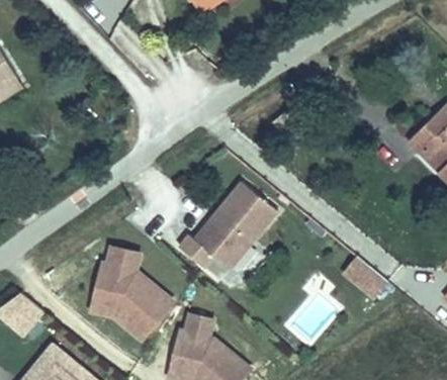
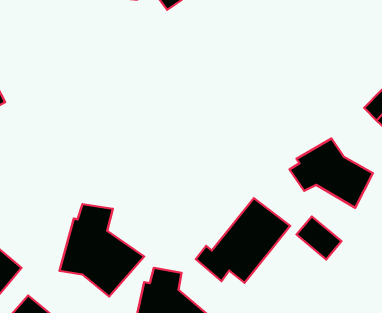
building: none -> [289,139,373,208]
building: [177,180,277,270] -> [196,198,290,283]

